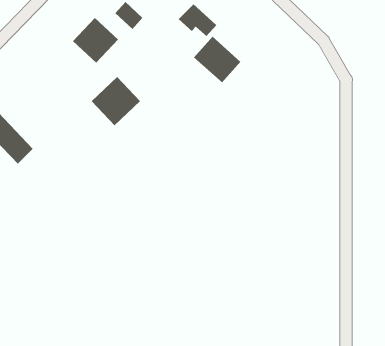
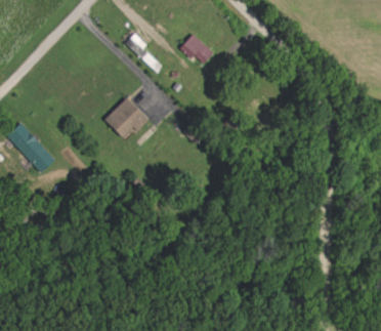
building: [72,17,119,64] -> none
building: [193,36,241,83] -> none

